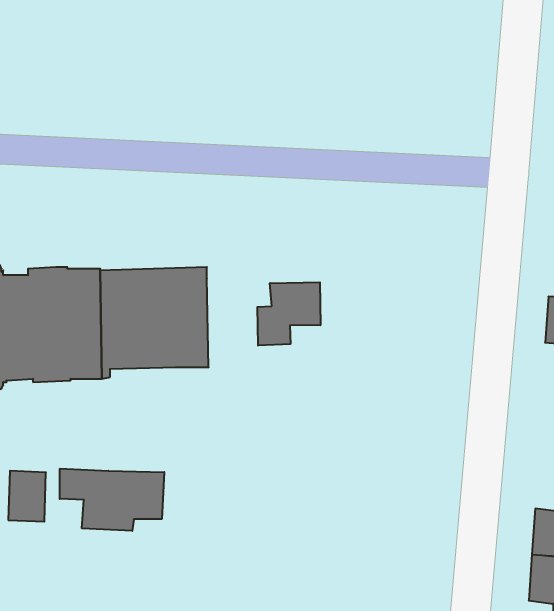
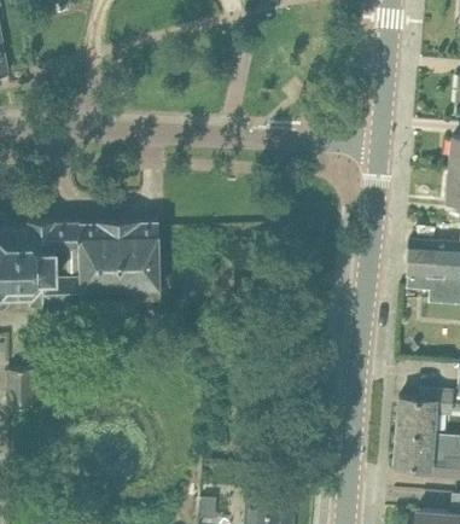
building: [257,282,320,346] -> none
building: [60,469,164,531] -> none

